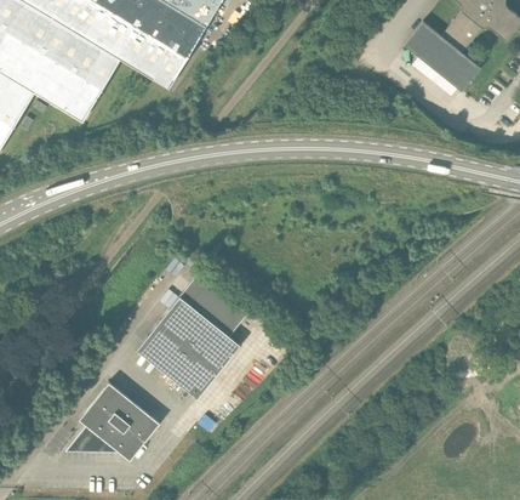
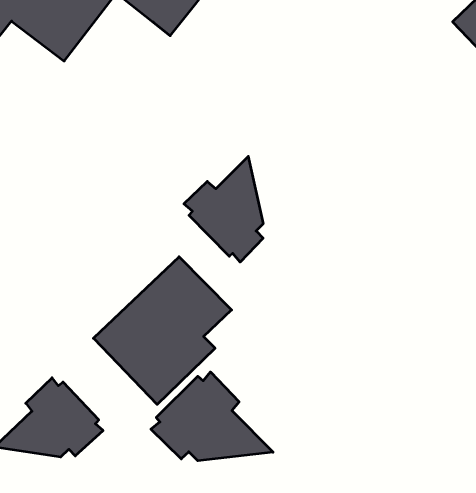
building: none -> [184,156,263,262]
building: none -> [151,372,273,461]

